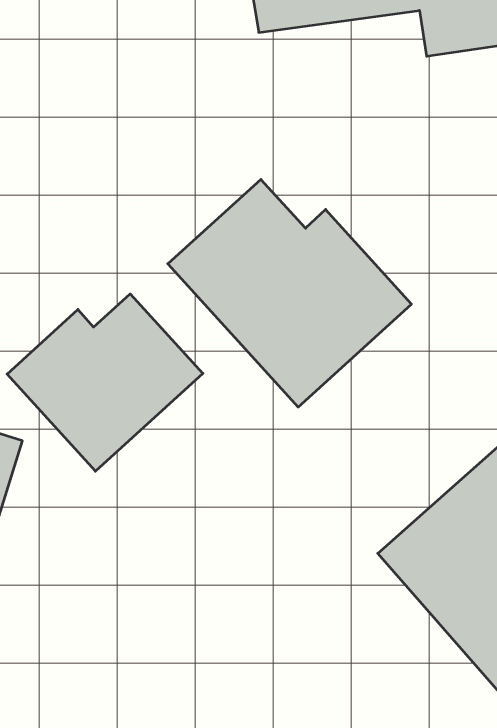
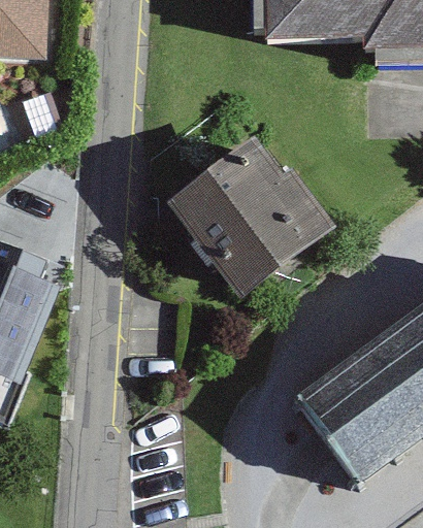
building: [7,294,203,471] -> none

